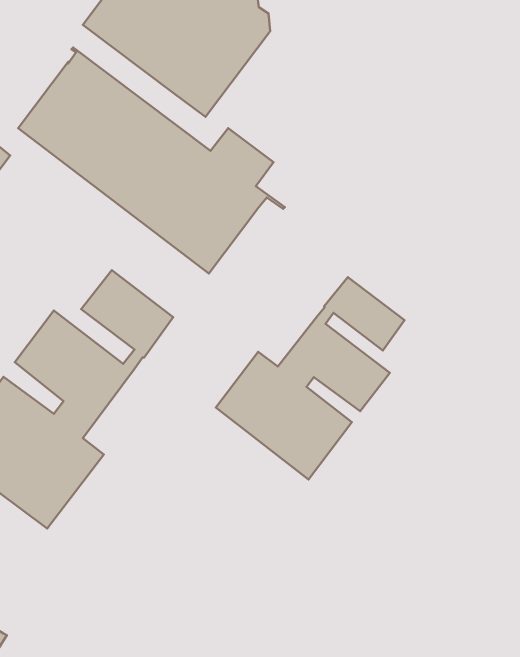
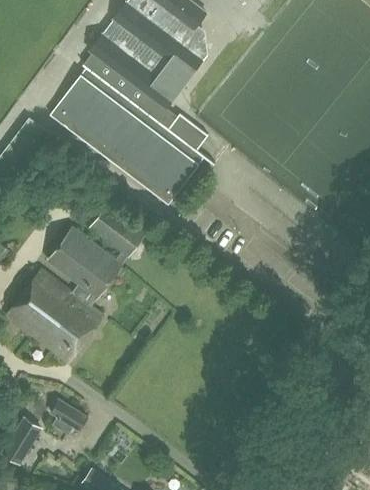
building: [216,277,405,479] -> none
building: none -> [49,399,90,436]

